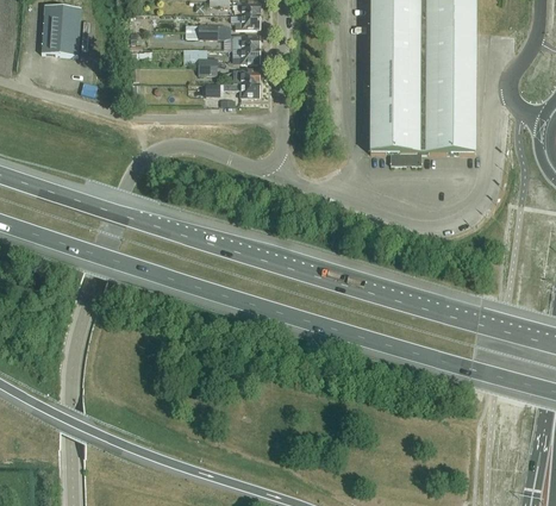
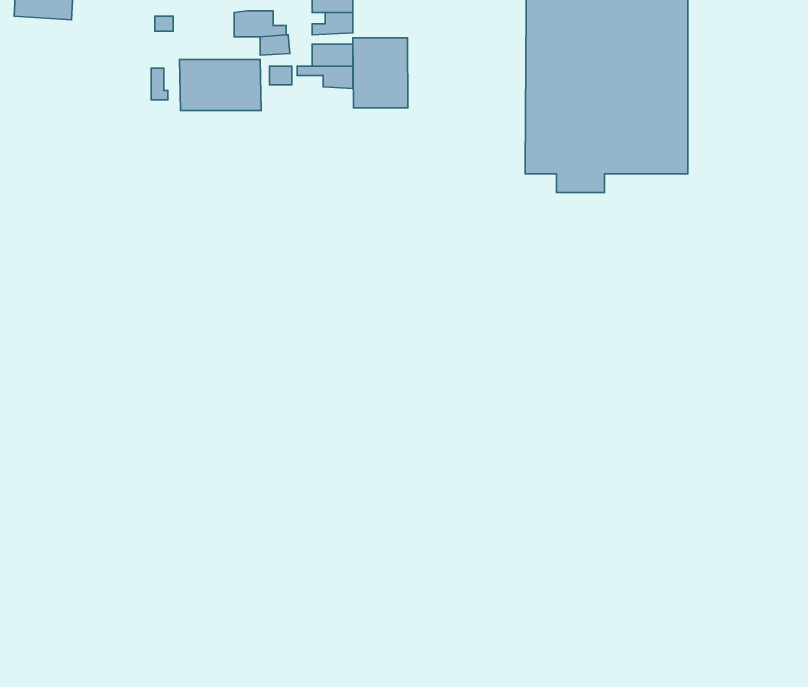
building: none -> [353,38,408,108]
building: none -> [180,60,261,110]

